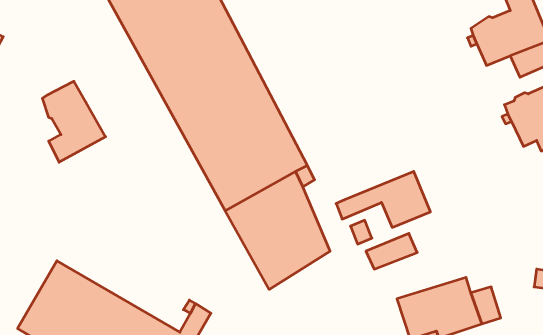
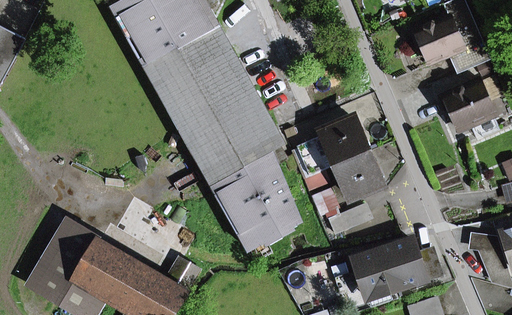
building: [42,81,106,162] -> none
building: none -> [297,117,367,174]

